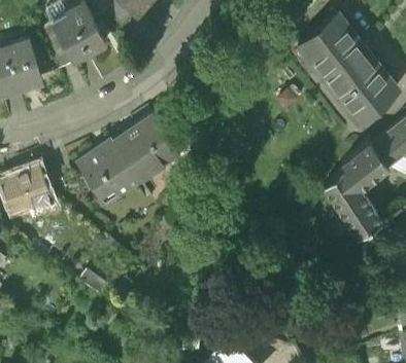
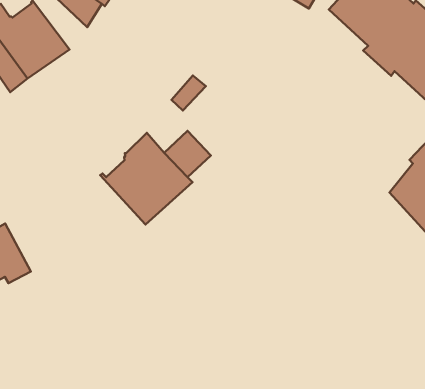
building: [74,145,140,203] -> none

